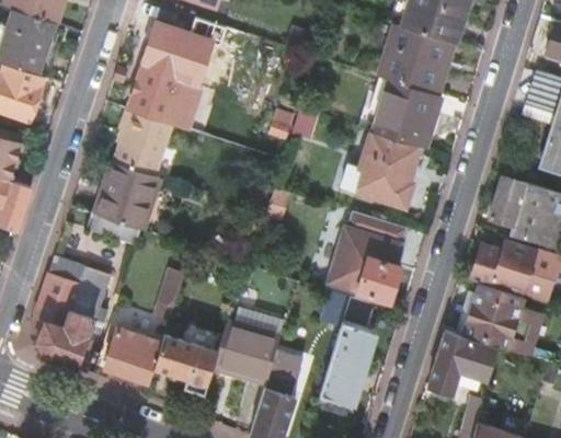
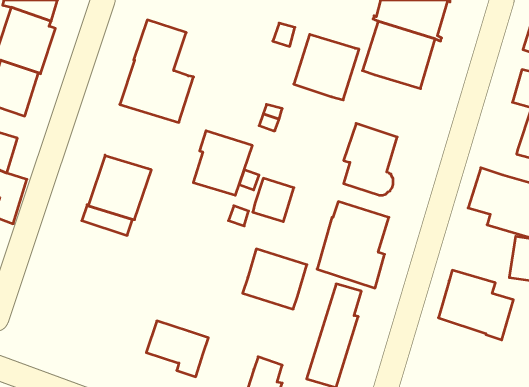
building: [376,80,444,148] -> [294,34,359,100]
building: [113,111,174,177] -> [193,131,252,195]
building: [471,241,536,295] -> none
building: [34,257,111,369] -> none
building: [105,270,184,384] -> none
building: [214,323,280,385] -> [243,249,307,309]
building: [430,331,499,393] -> none

